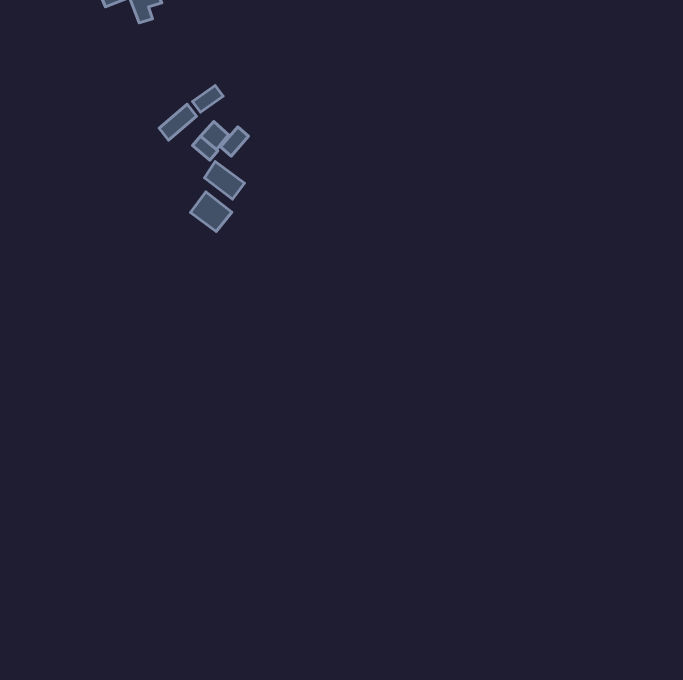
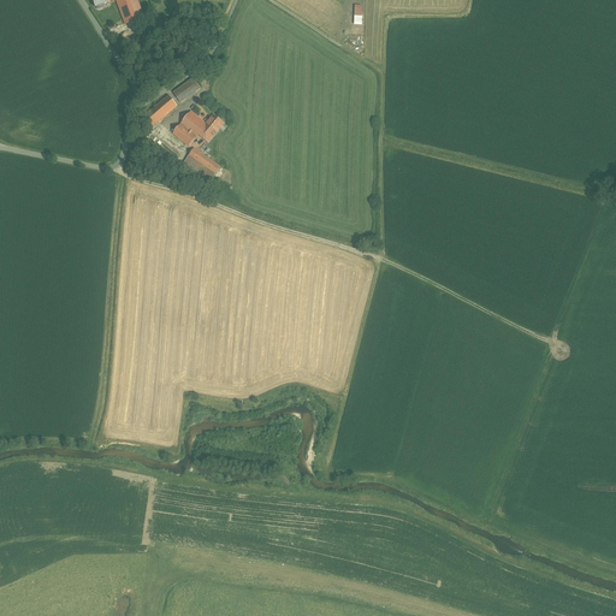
building: [190,192,232,232] -> none

